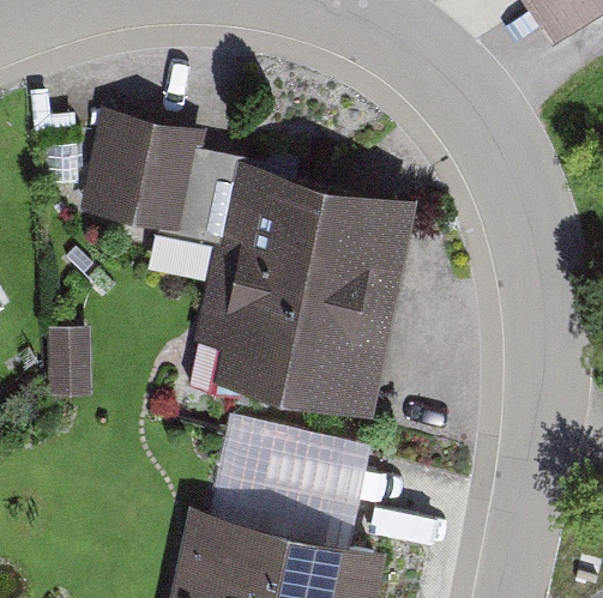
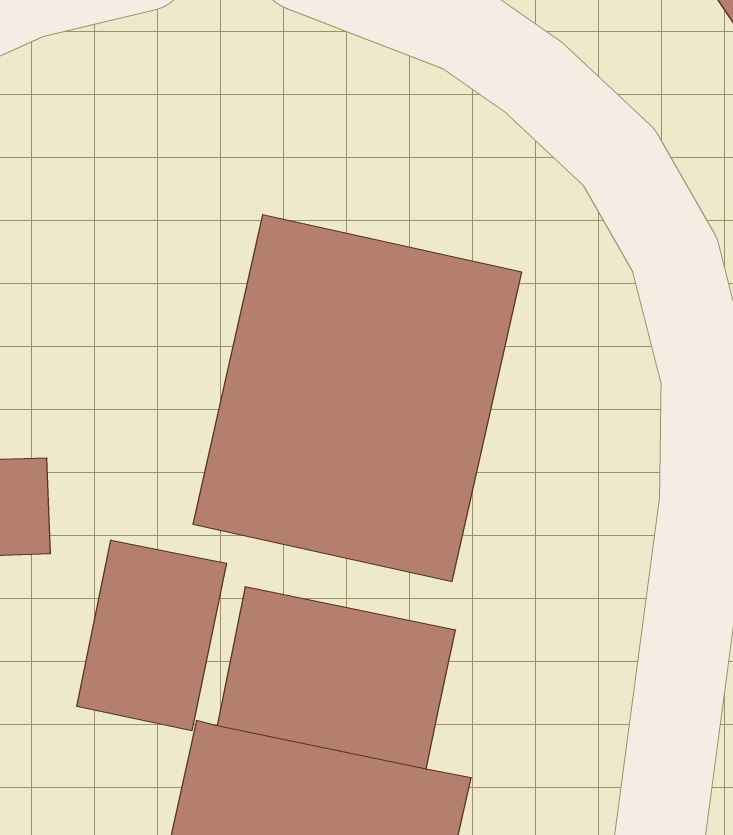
building: [83,109,205,240] -> none
building: none -> [77,540,226,731]

